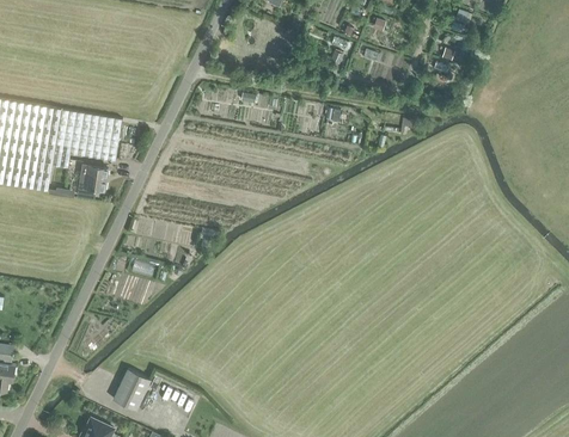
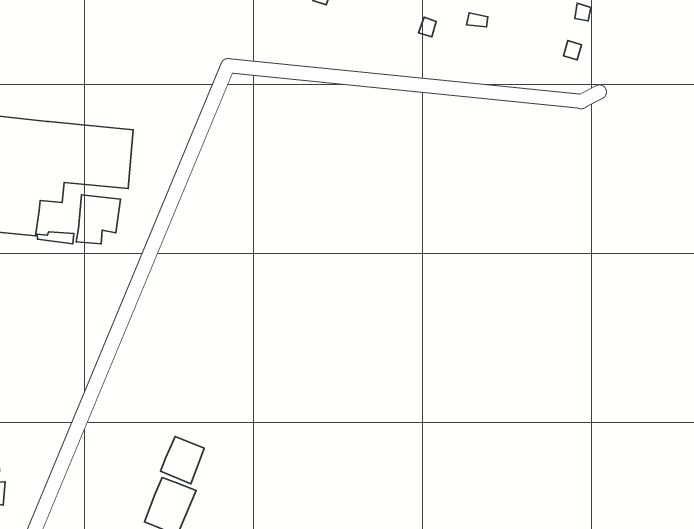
building: none -> [161,436,204,484]

